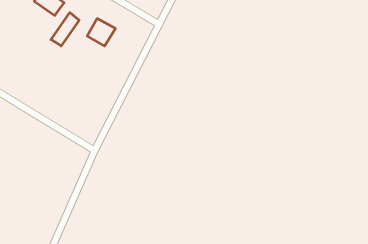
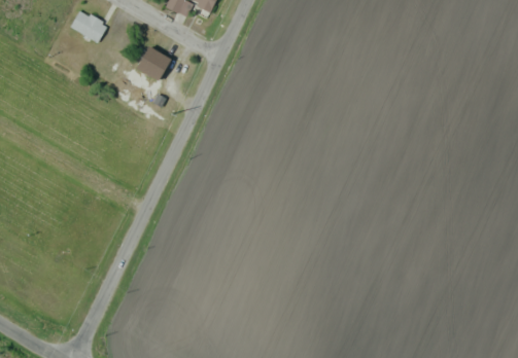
building: [51,13,79,46] -> none

